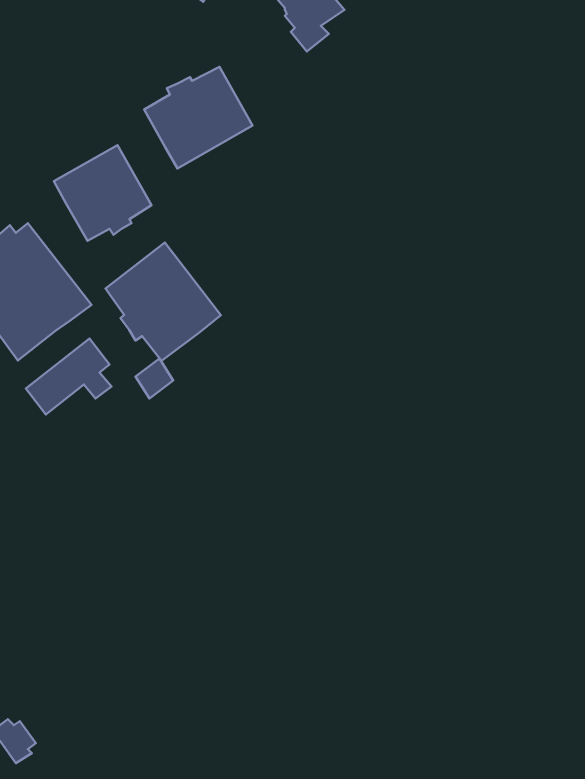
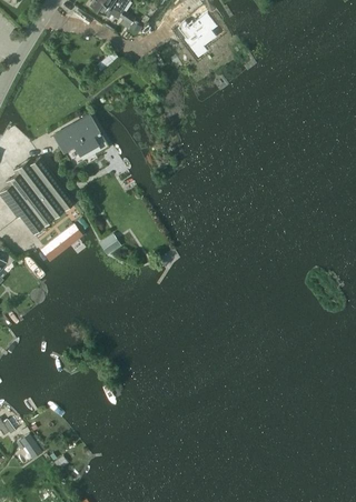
building: [144,67,253,168] -> none
building: [106,243,221,361] -> none

